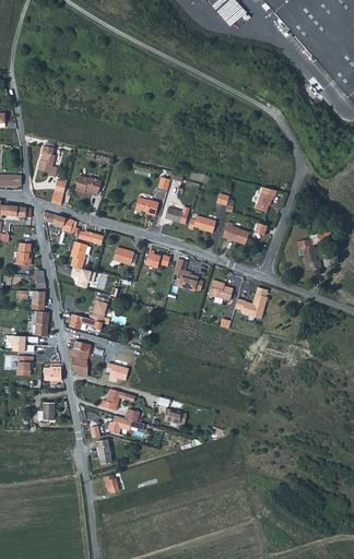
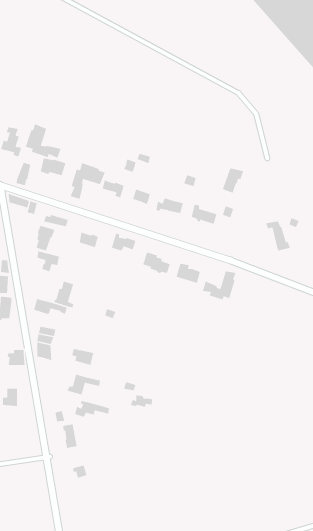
building: none -> [25,123,61,159]
building: none -> [69,162,106,200]

